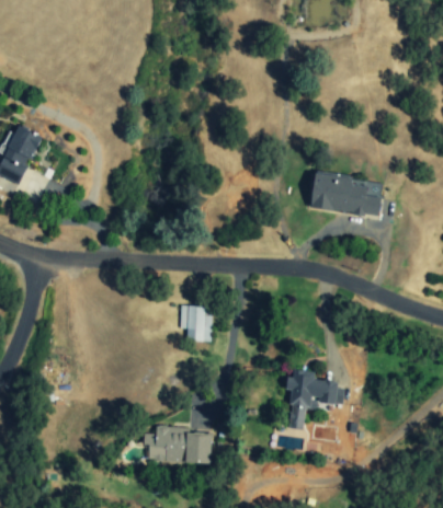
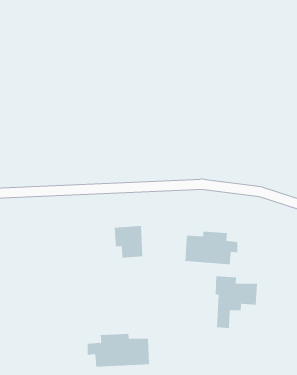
building: [310,172,380,215] -> none
building: none -> [185,231,238,265]

